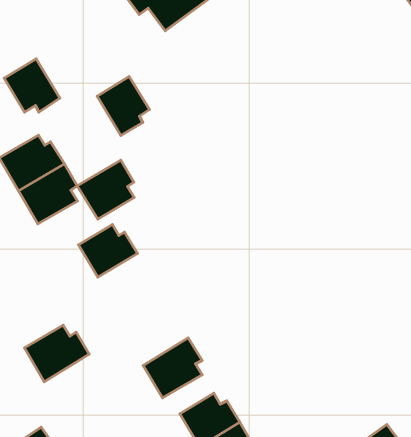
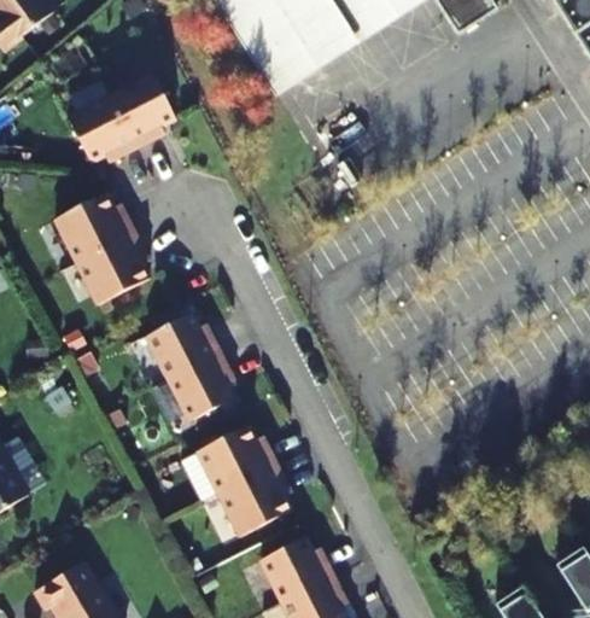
building: [97,77,150,135] -> [107,76,173,150]
building: [77,160,134,219] -> none
building: none -> [167,352,233,422]
building: [25,325,89,382] -> [194,425,275,495]

